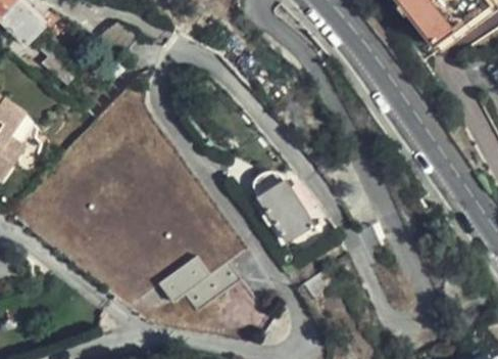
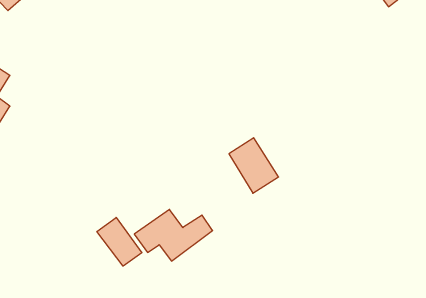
building: none -> [97,217,142,266]

